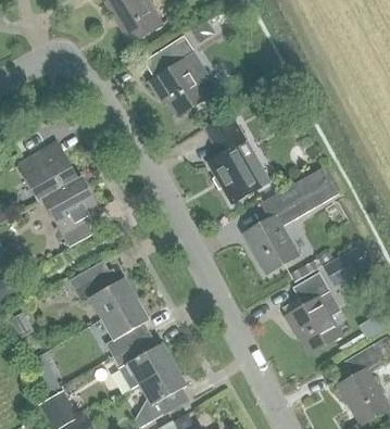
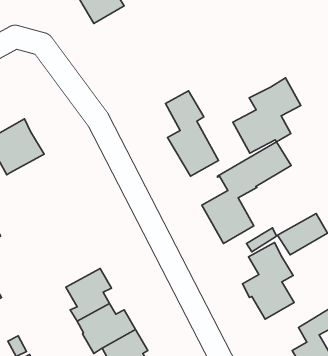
building: [149,34,218,115] -> none
building: none -> [233,78,301,153]
building: [42,177,101,247] -> none
building: [70,260,137,318] -> none

